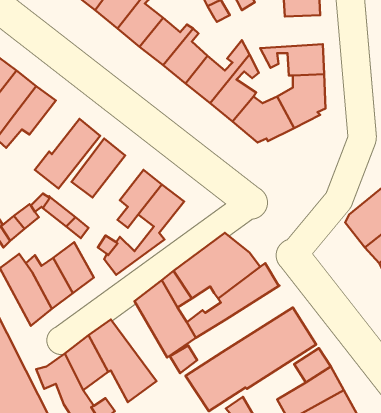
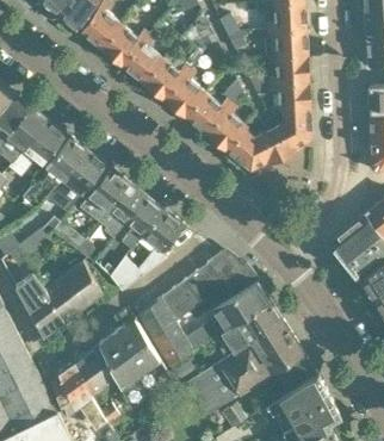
building: none -> [247,55,310,85]
building: none -> [31,136,88,205]
building: none -> [100,182,147,237]
building: none -> [218,300,283,361]
building: none -> [117,318,172,387]

